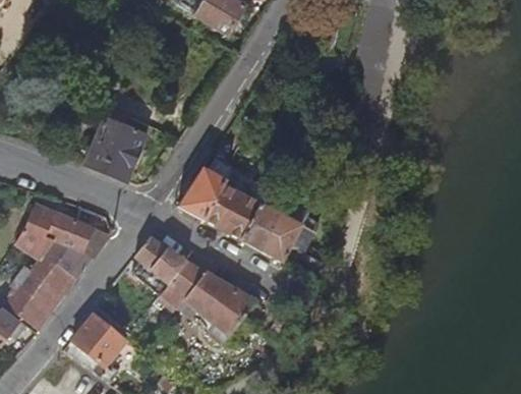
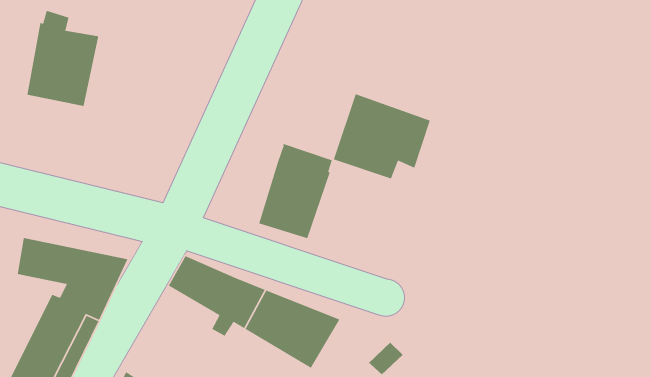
building: [86,106,147,181] -> [27,10,99,107]
building: [178,166,228,222] -> none
building: [241,193,317,261] -> [333,93,431,179]

